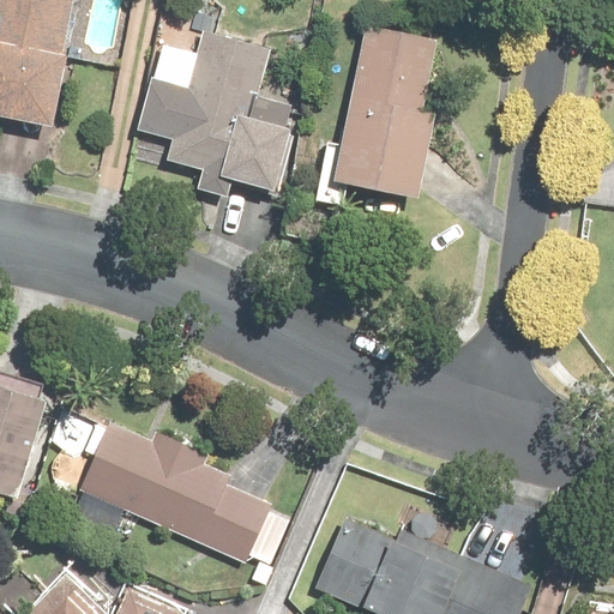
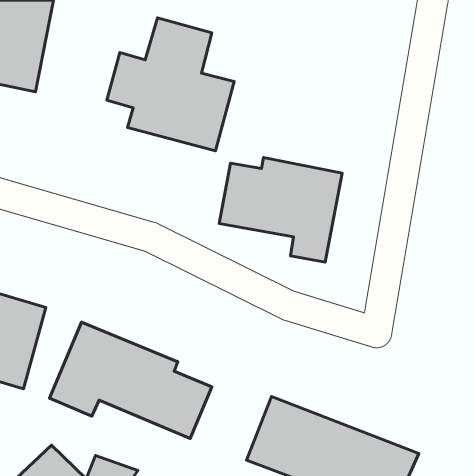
building: [333,24,451,198] -> none
building: none -> [219,158,342,262]

